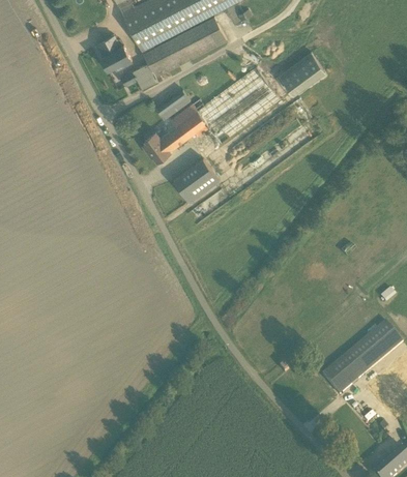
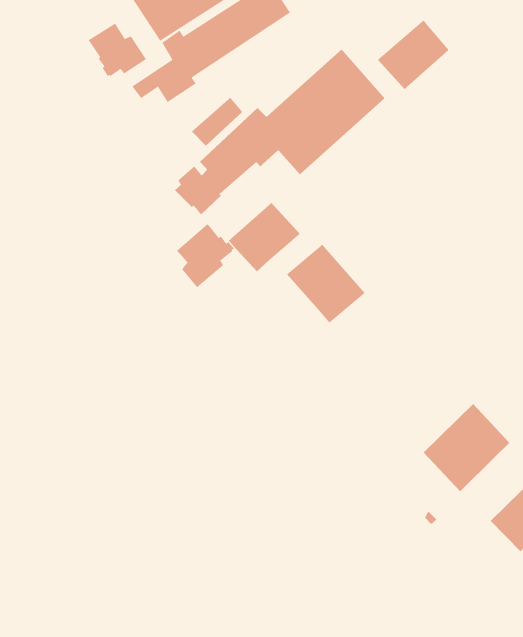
building: none -> [176,223,235,288]
building: none -> [286,244,366,323]
building: none -> [423,403,510,492]

